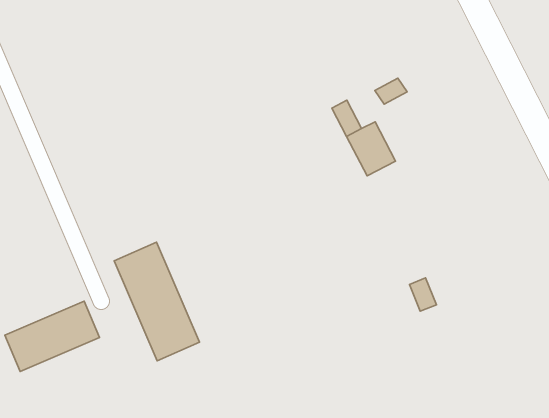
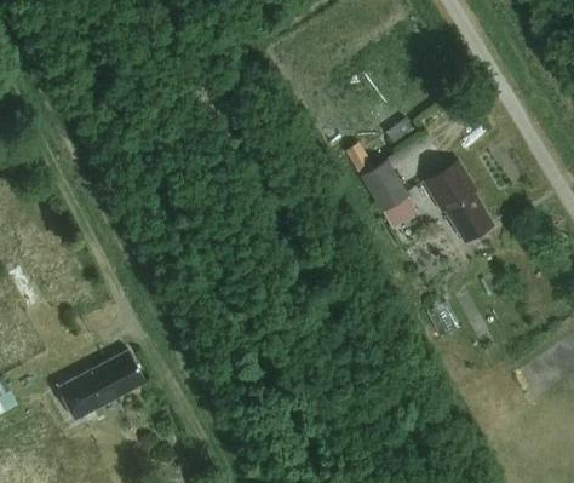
building: none -> [423,161,492,242]
building: [114,242,200,361] -> none

